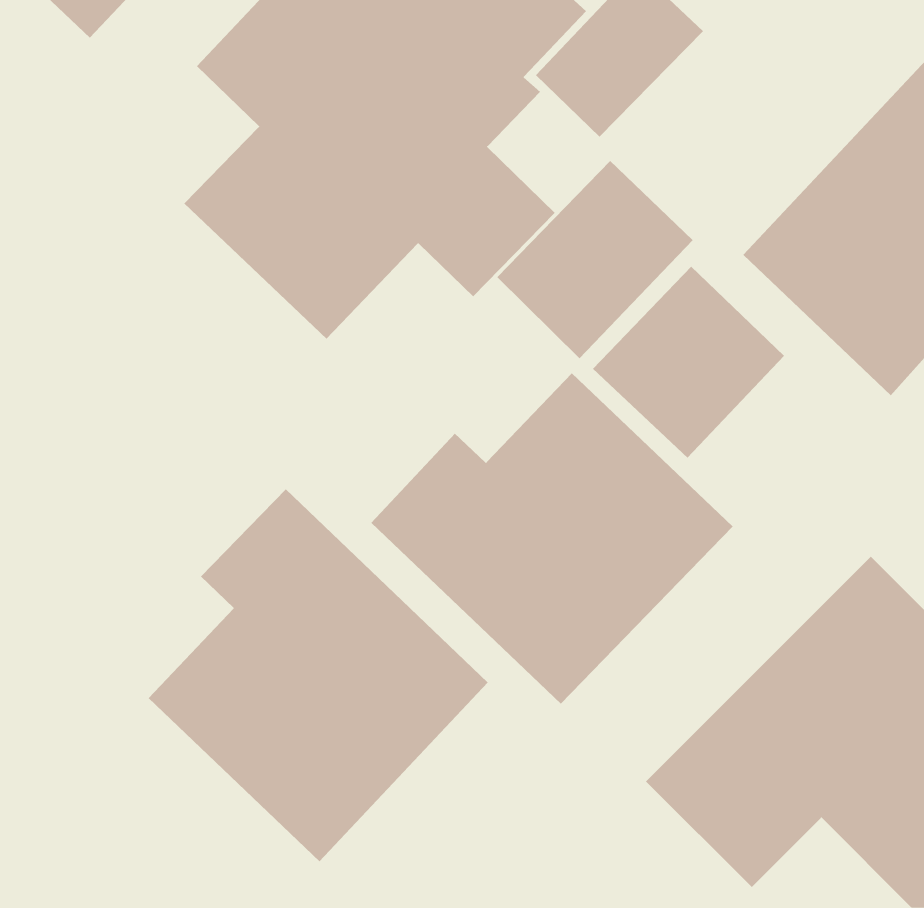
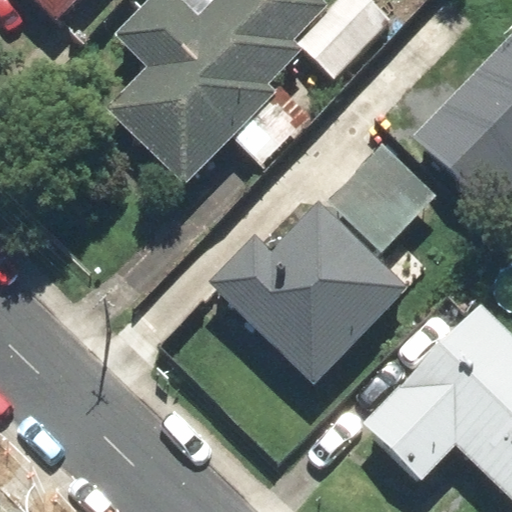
building: [496,160,693,359] -> none
building: [148,489,488,862] -> none

